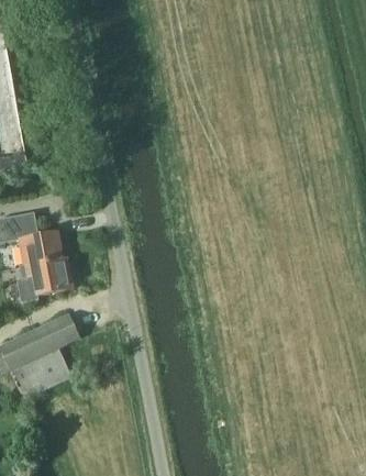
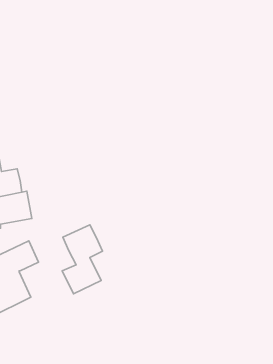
building: none -> [62,225,102,294]

